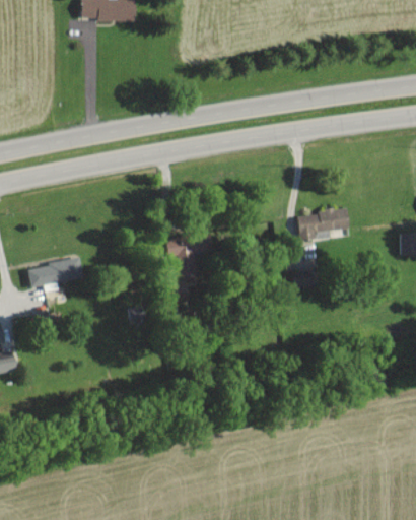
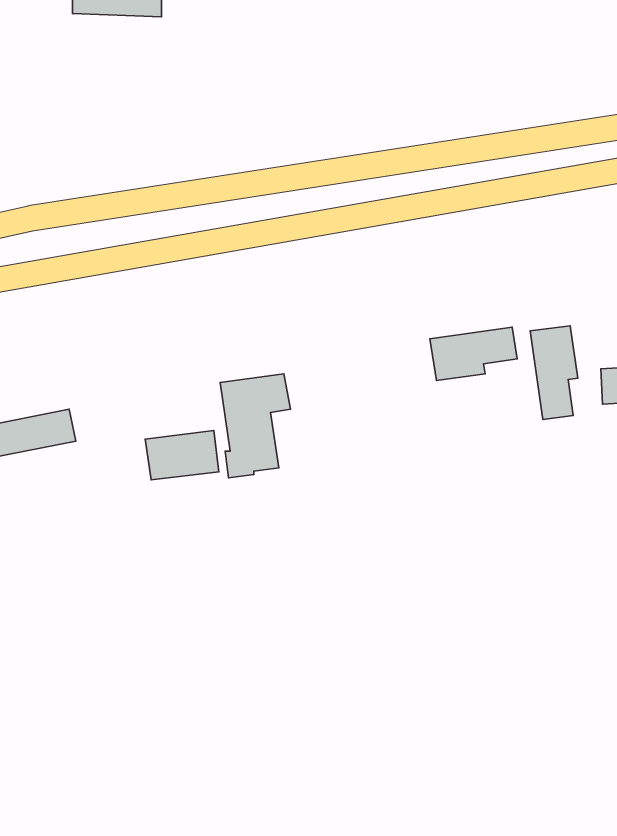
building: none -> [530,326,578,419]
building: none -> [145,430,219,480]

